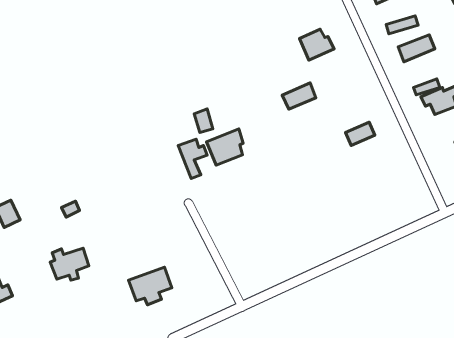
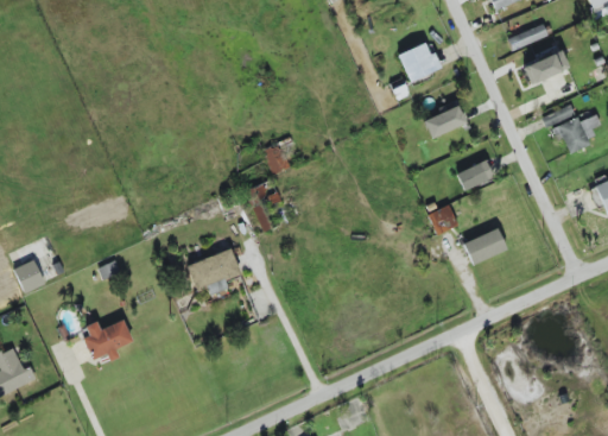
building: [282,83,316,109] -> [423,105,466,138]
building: [207,129,243,165] -> none
building: none -> [428,204,458,235]
building: none -> [463,228,507,263]
building: [129,267,172,305] -> [186,248,241,296]

